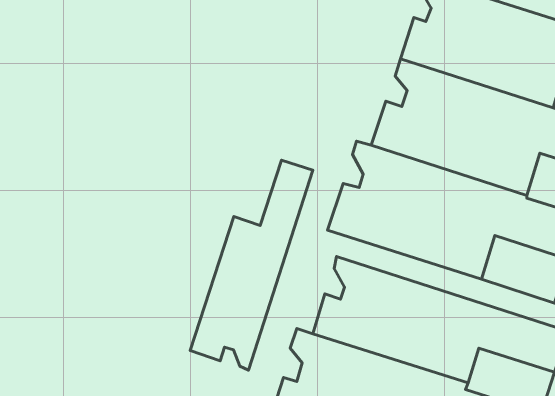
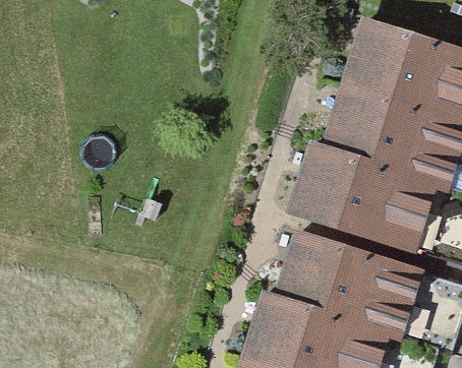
building: [190,160,313,370] -> none

